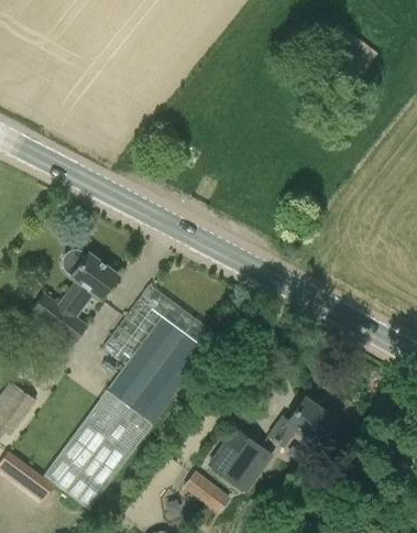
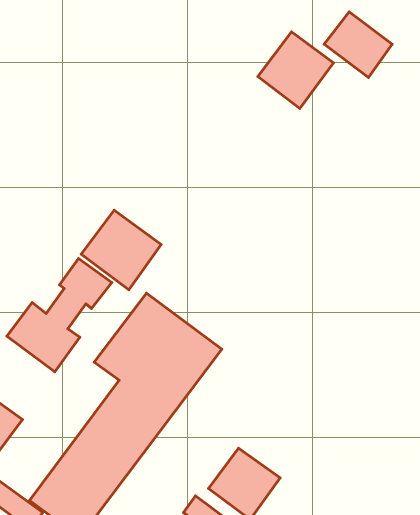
building: none -> [258,32,334,109]
building: none -> [81,210,161,290]
building: [267,398,336,447] -> none

